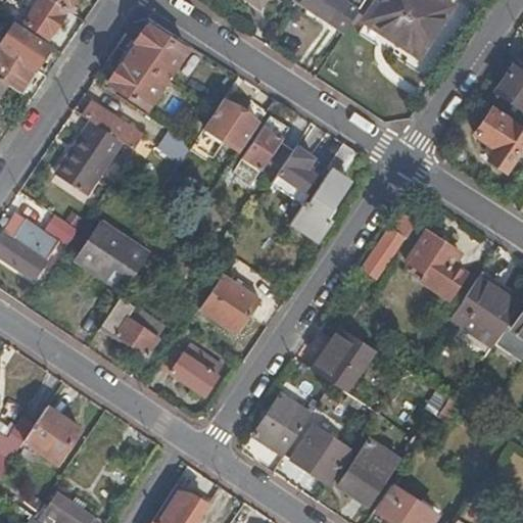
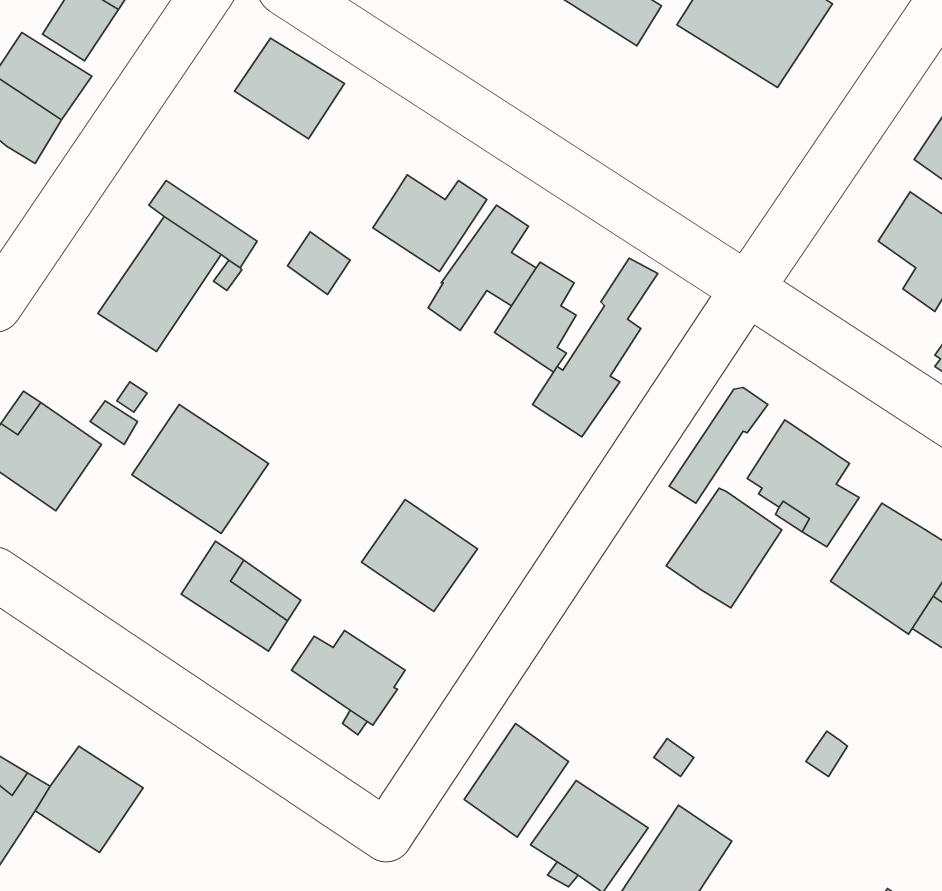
building: [110,54,170,110] -> none
building: [312,328,374,392] -> [666,488,782,608]

